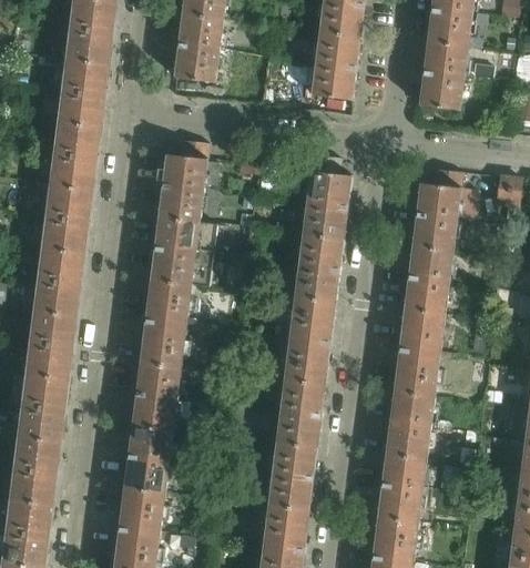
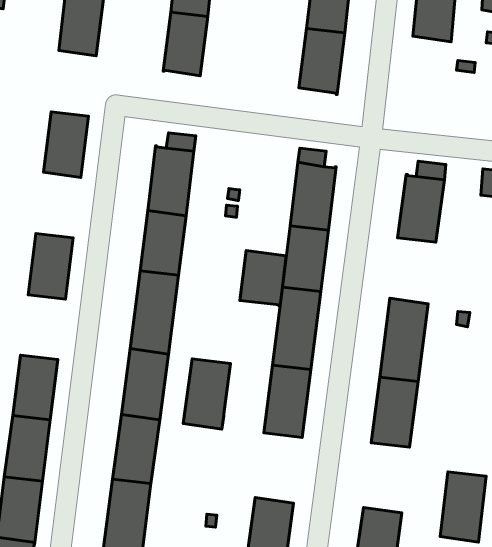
building: [419,44,466,113] -> none
building: [61,59,106,125] -> none
building: [45,182,91,248] -> none
building: [404,248,450,315] -> none
building: none -> [240,250,286,306]
building: [30,306,75,372] -> none
building: [267,446,315,517] -> [183,359,230,429]
building: [377,456,424,527] -> [440,472,486,542]

